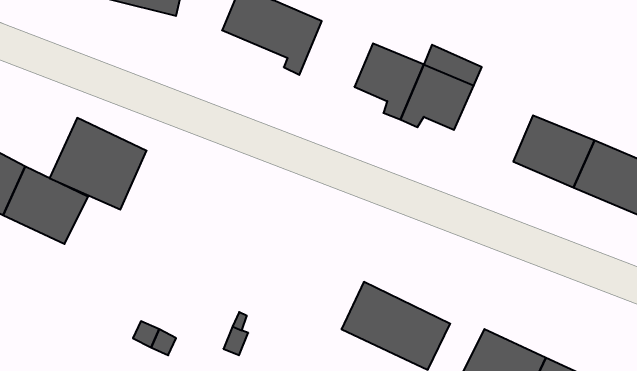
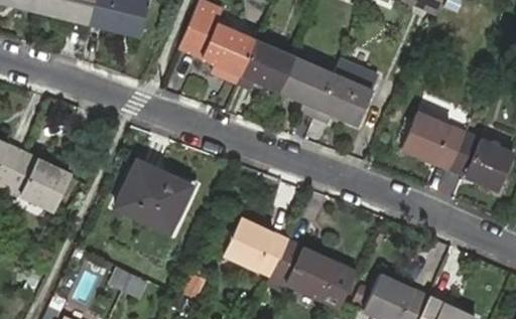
building: none -> [238,40,294,91]
building: [50,118,147,210] -> [116,161,190,231]
building: none -> [224,219,287,277]

